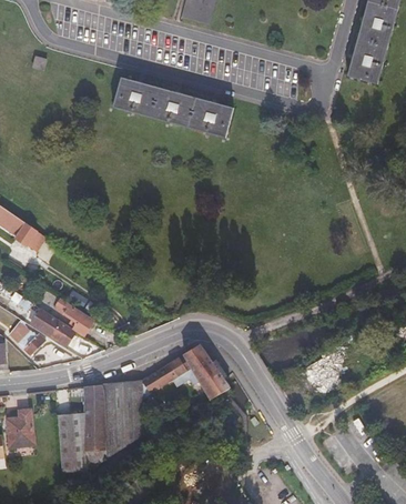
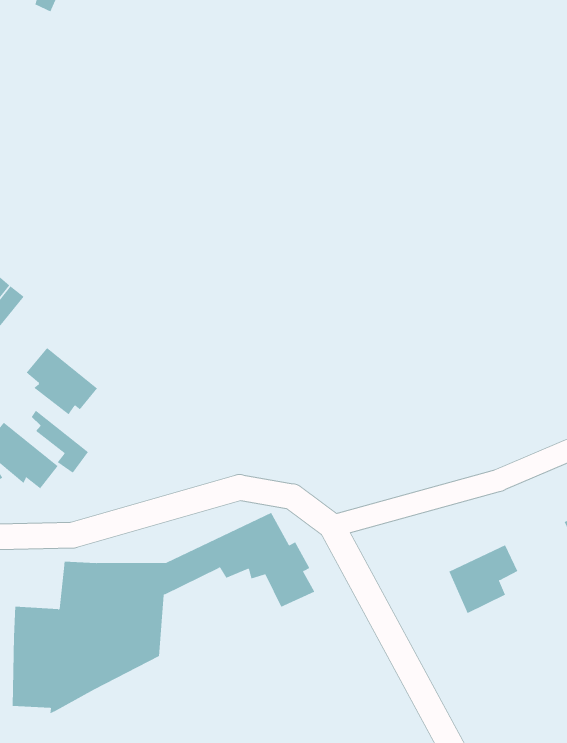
building: [111,77,233,138] -> none
building: none -> [26,347,98,415]

